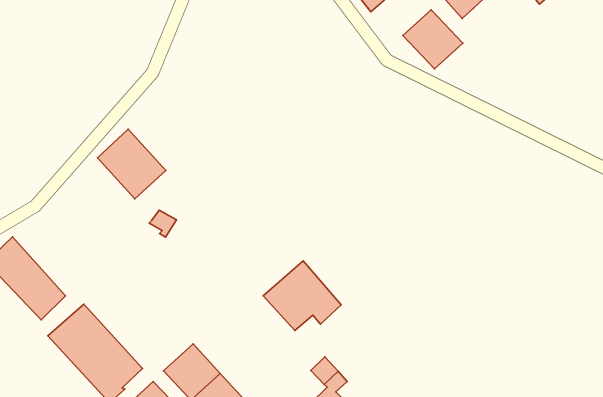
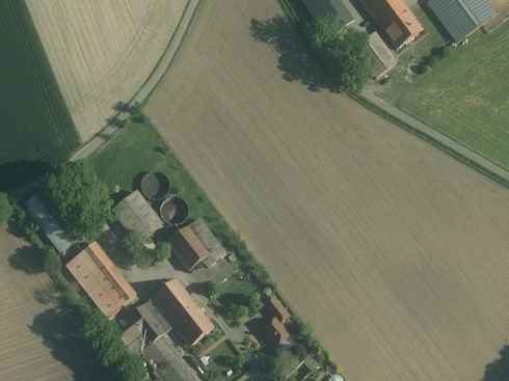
building: [97,129,166,199] -> [111,190,162,243]
building: none -> [157,191,190,224]
building: [263,261,341,330] -> [166,217,224,269]

